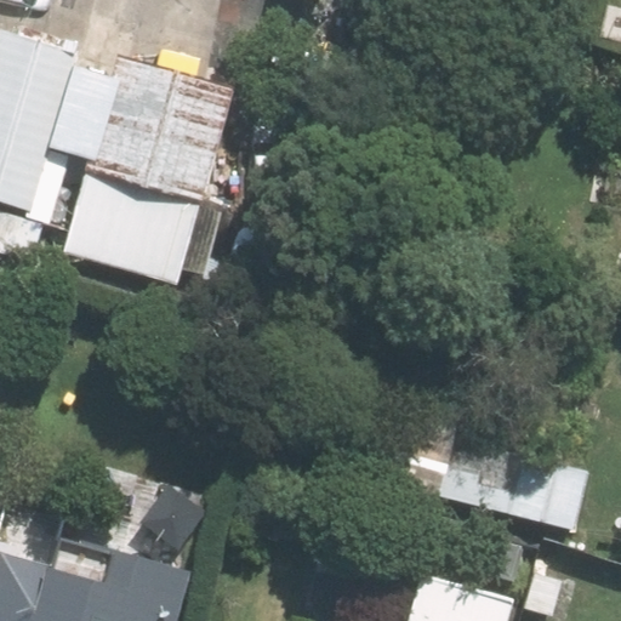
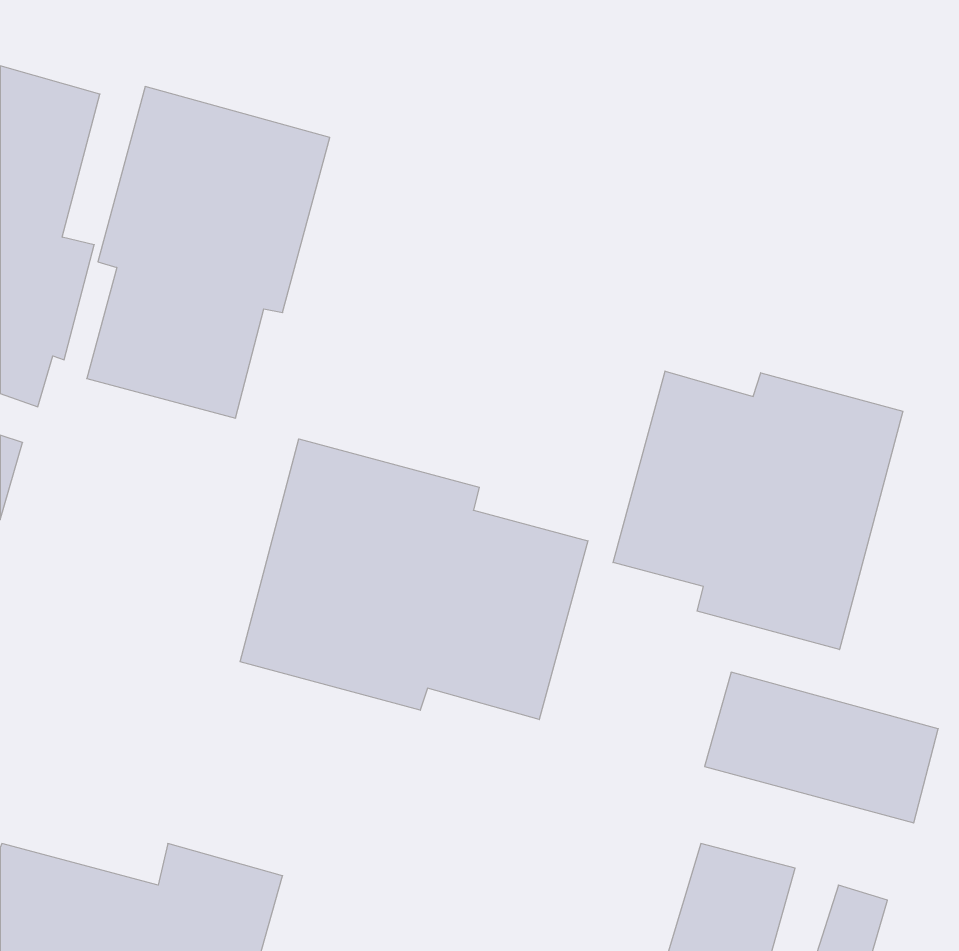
building: none -> [613,371,903,650]
building: none -> [240,439,588,720]

